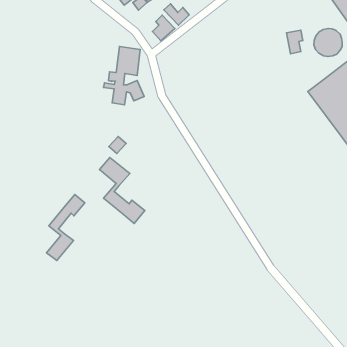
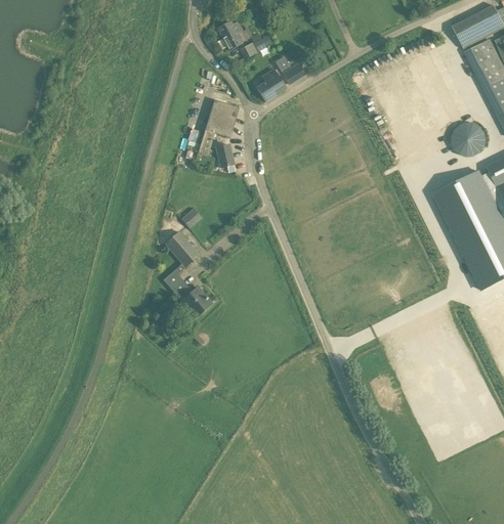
building: [287,30,303,54] -> none
building: [47,194,85,260] -> none

